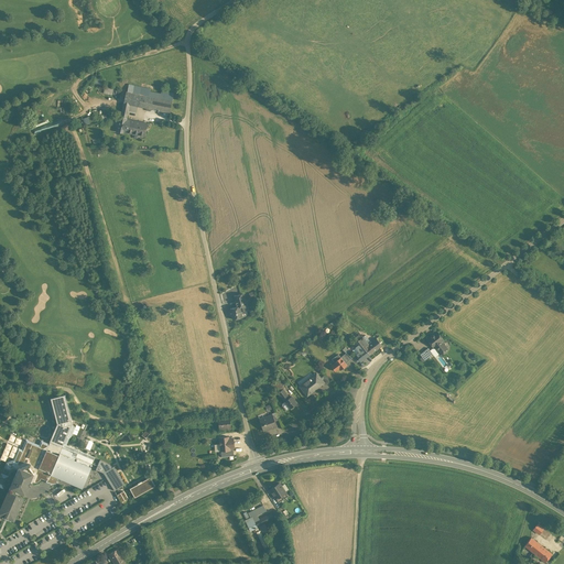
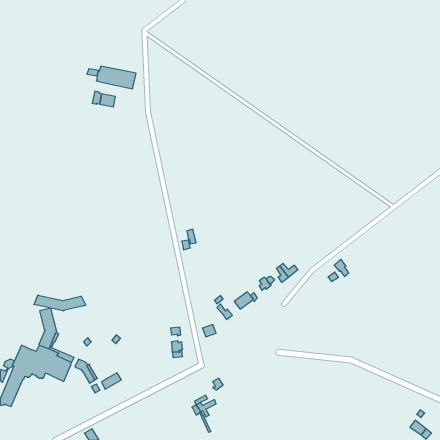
building: none -> [34,295,86,311]

